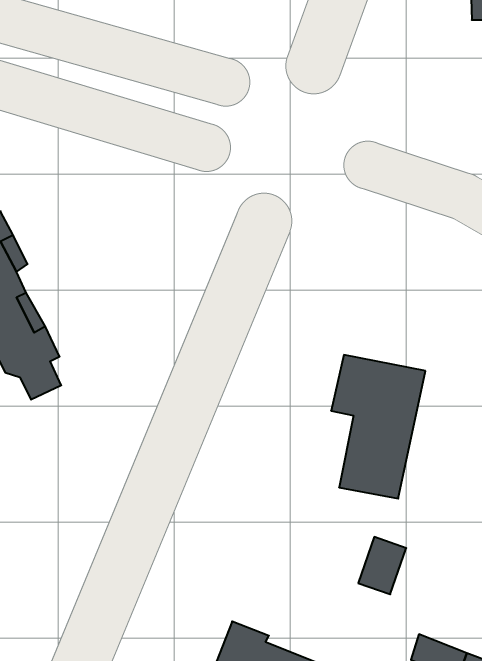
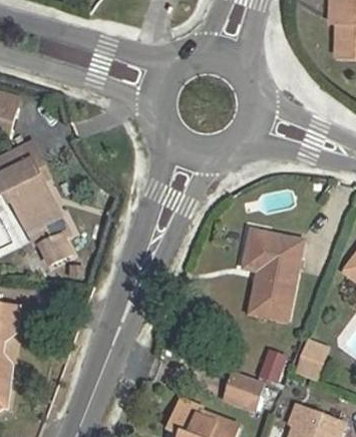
building: none -> [293,336,331,381]
building: none -> [223,373,262,411]

